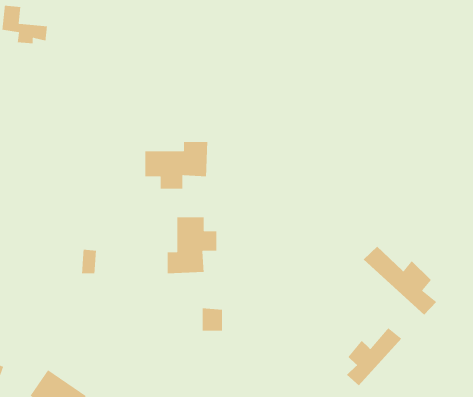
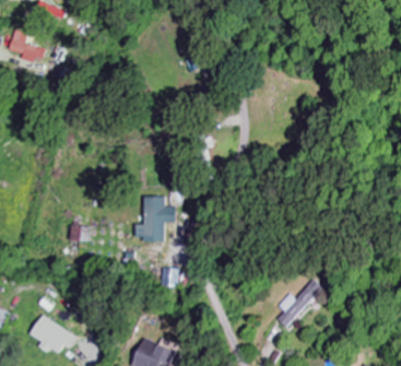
building: [144,141,208,189] -> none
building: [363,246,437,316] -> none

